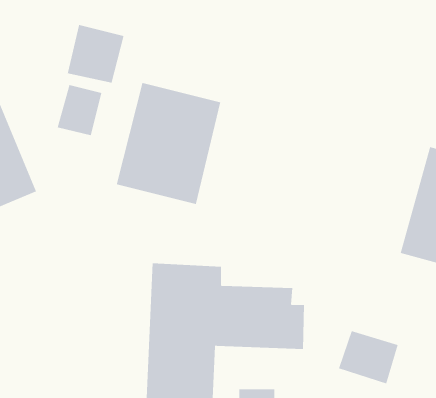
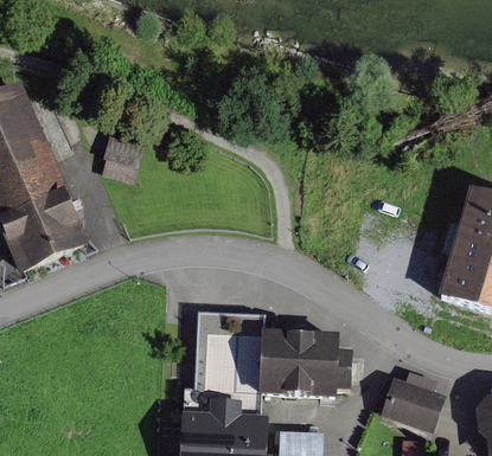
building: [67,24,124,84] -> none
building: [116,82,221,205] -> none

